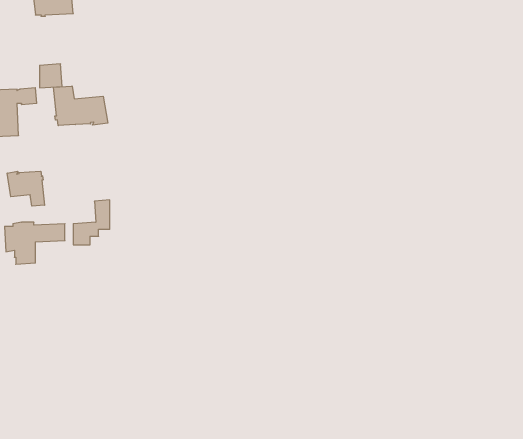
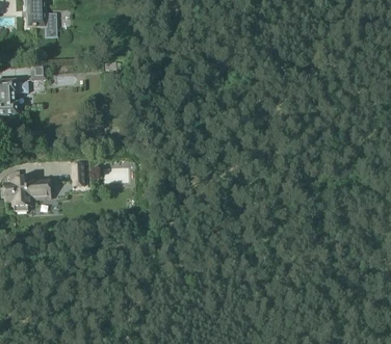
building: [53,86,108,126] -> none
building: [7,171,45,206] -> none

